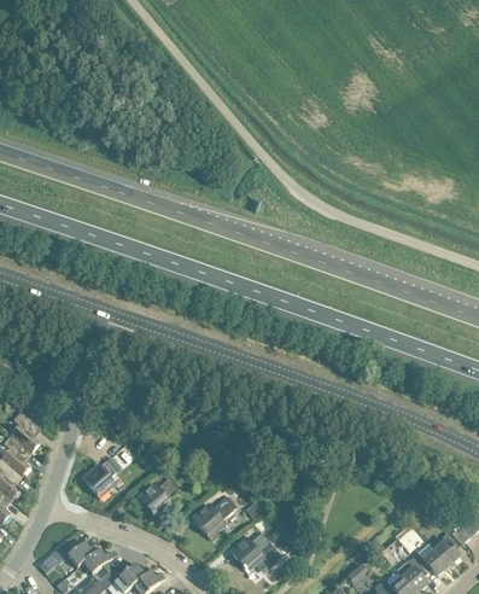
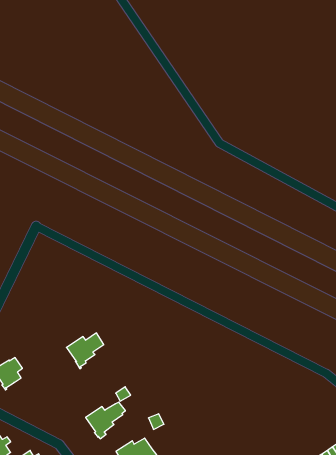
building: [136,478,177,520] -> [66,333,104,369]

